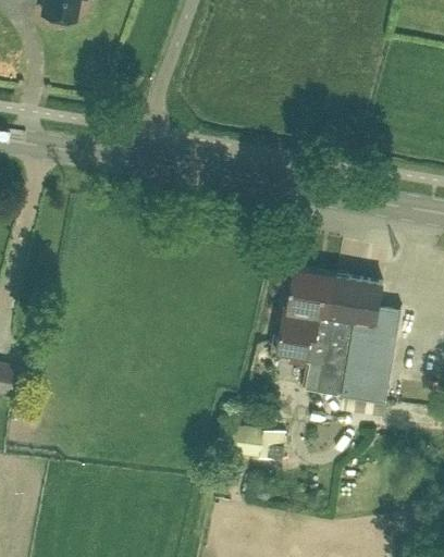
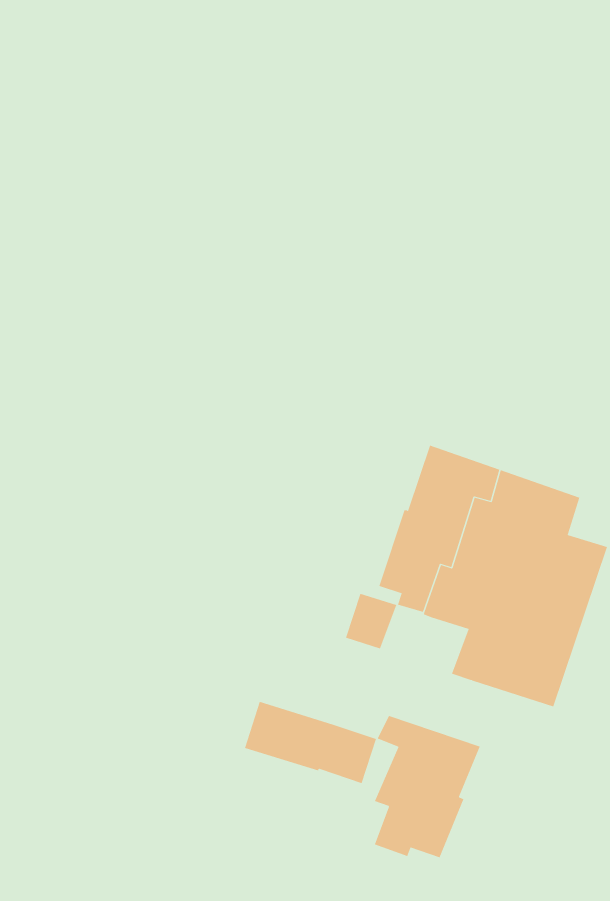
building: [305,362,331,392] -> [345,593,397,649]
building: none -> [374,715,480,858]

